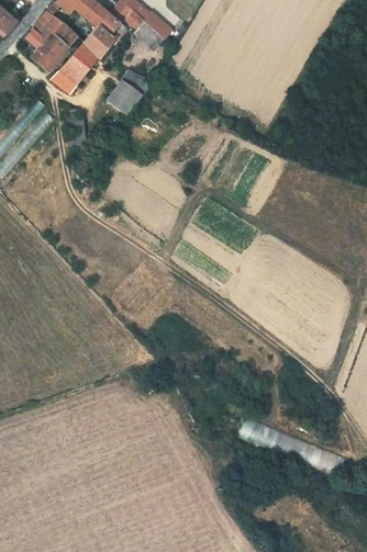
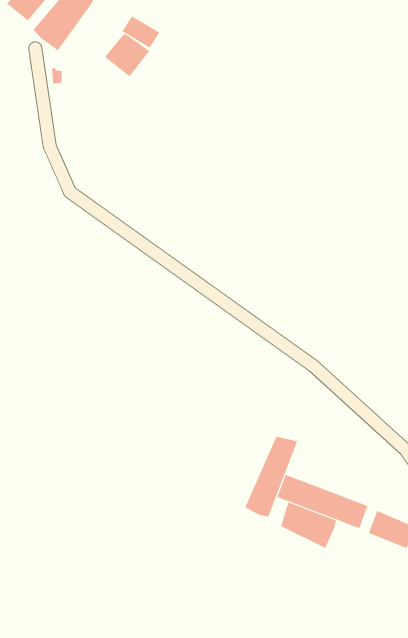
building: none -> [244,436,298,518]
building: none -> [281,502,337,549]

